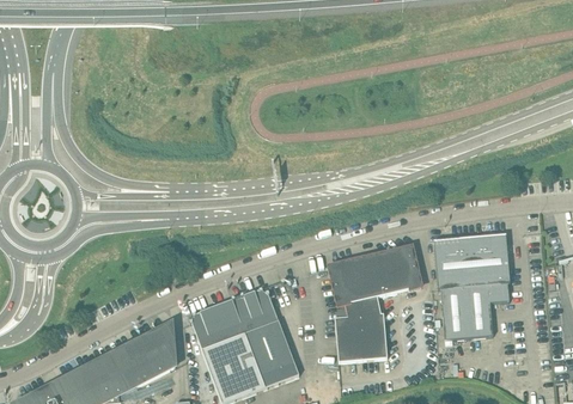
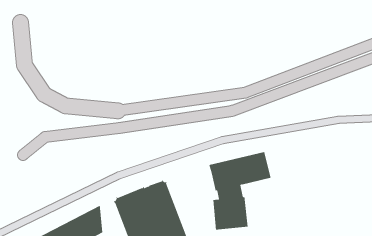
building: [434,235,510,339] -> none

